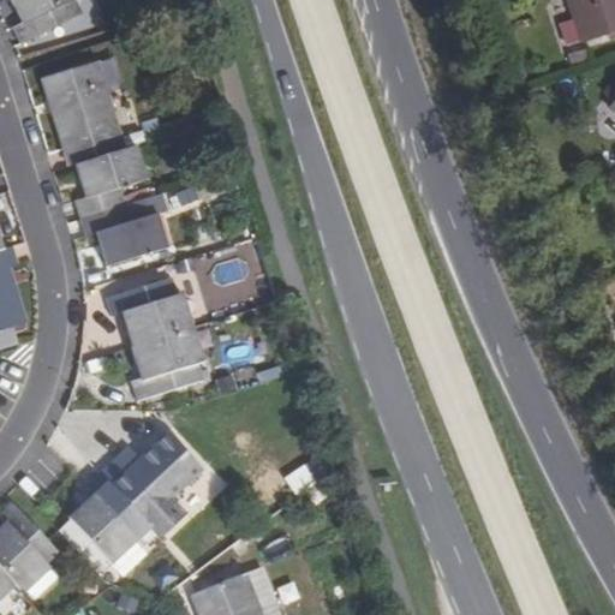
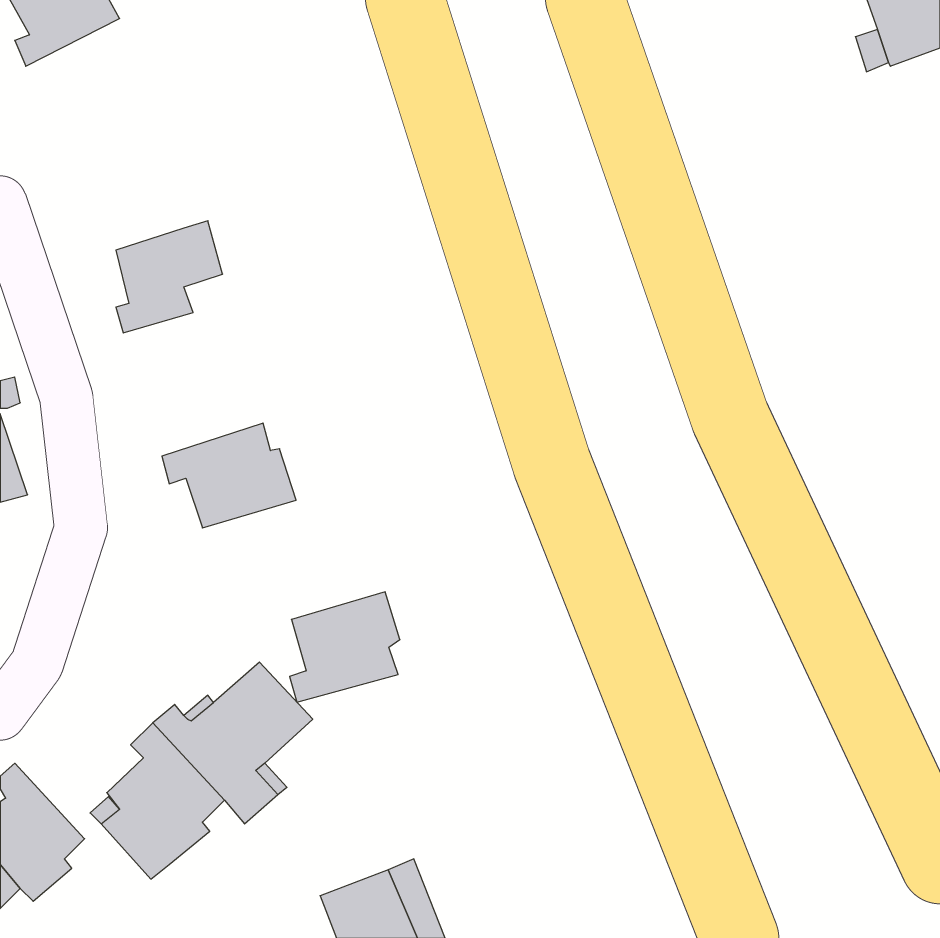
building: [48,61,120,163] -> none
building: [80,204,166,264] -> none
building: [131,327,203,399] -> [290,592,400,702]

